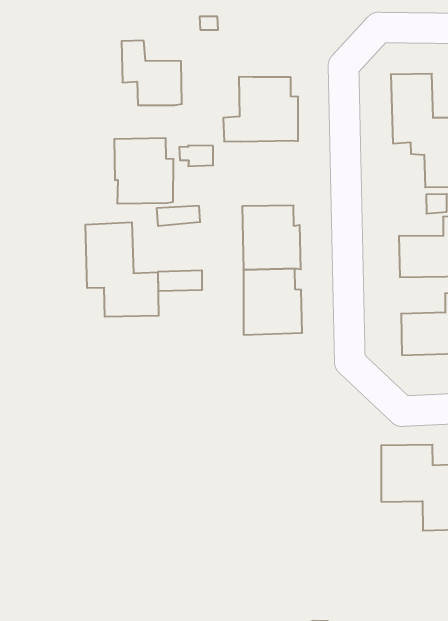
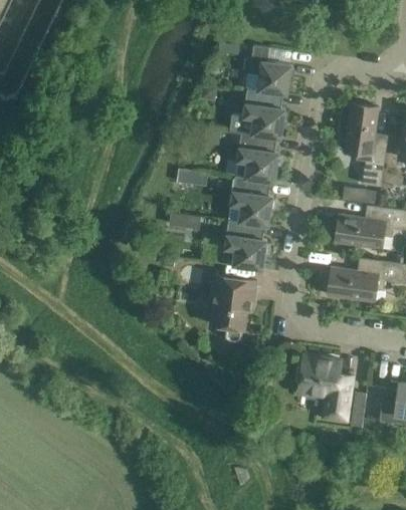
building: [122,41,182,105] -> [248,45,290,94]
building: [114,138,174,204] -> [235,133,278,182]
building: [85,222,159,317] -> none
building: none -> [209,275,255,341]

